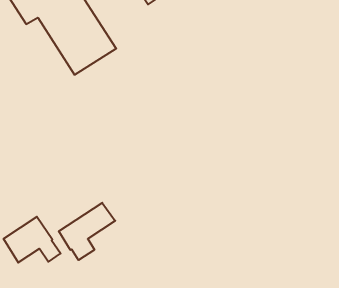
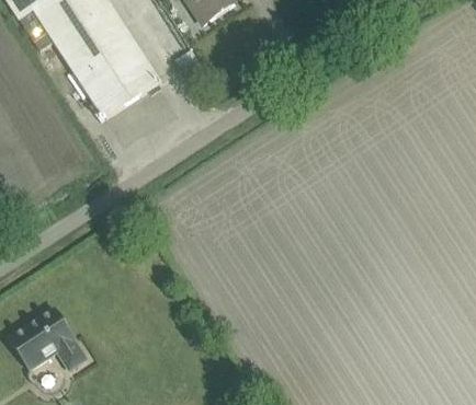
building: [59,203,115,260] -> none

